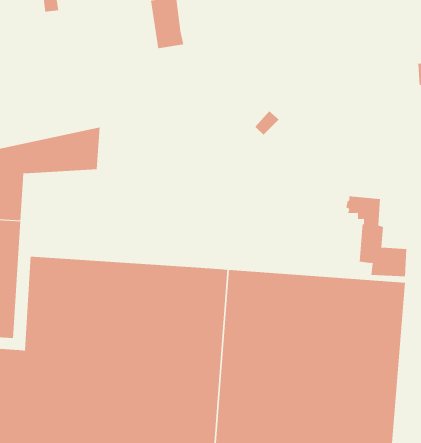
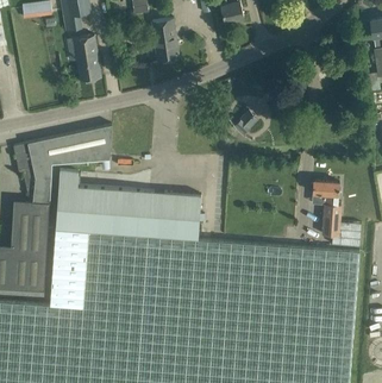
building: none -> [68,34,101,80]
building: none -> [55,169,201,238]

